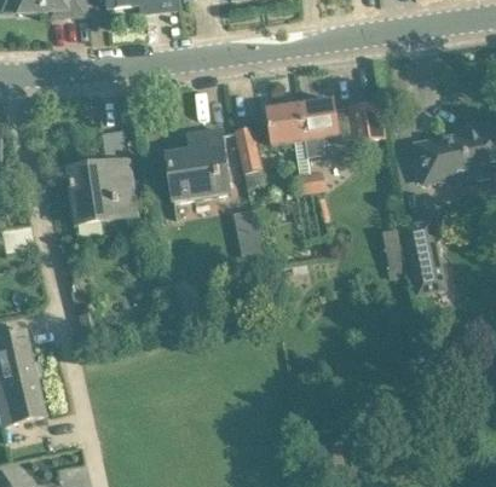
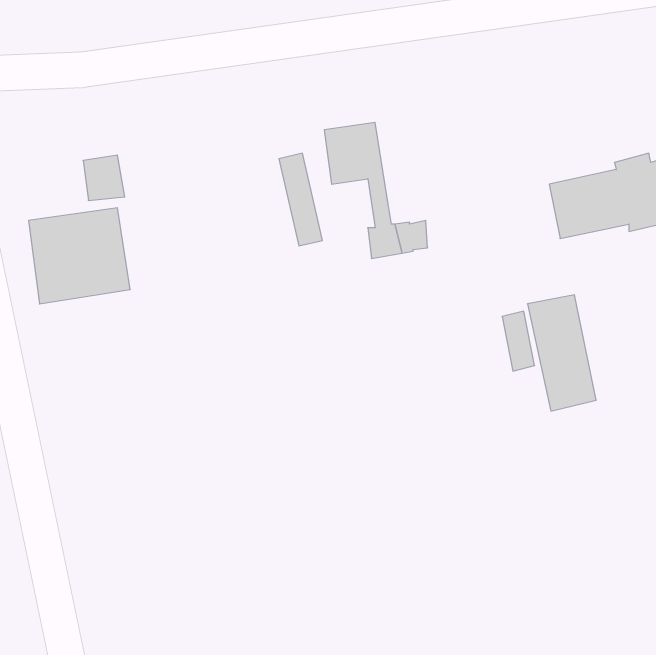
building: [299,99,339,157] -> none
building: [347,103,383,143] -> none
building: [166,129,229,203] -> none
building: [237,208,264,256] -> none

